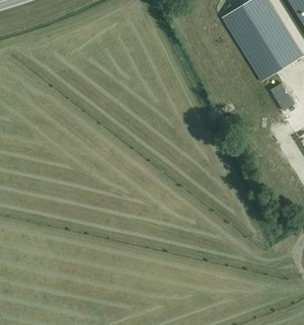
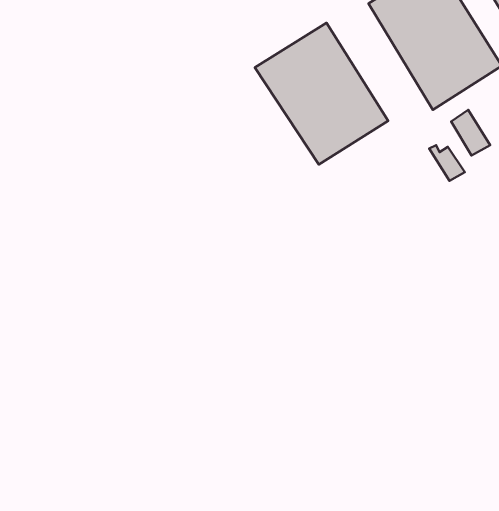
building: none -> [255,23,388,165]

